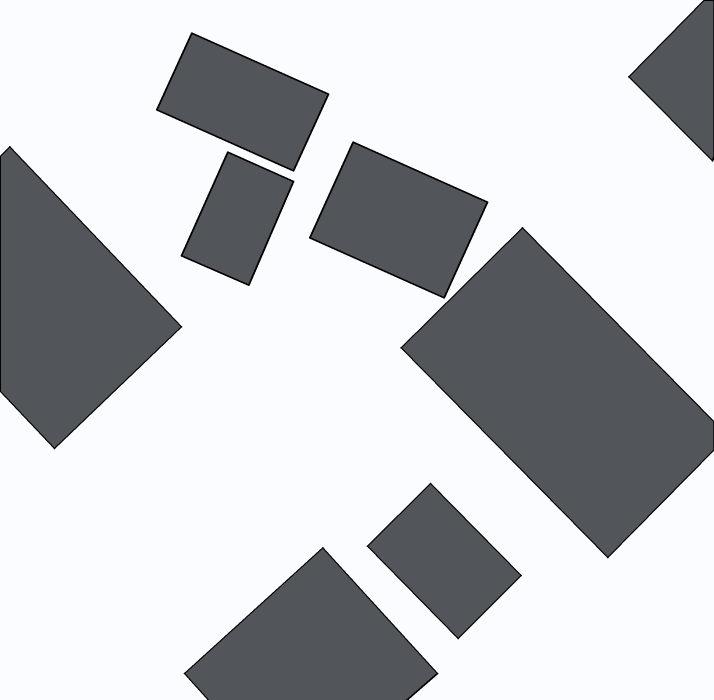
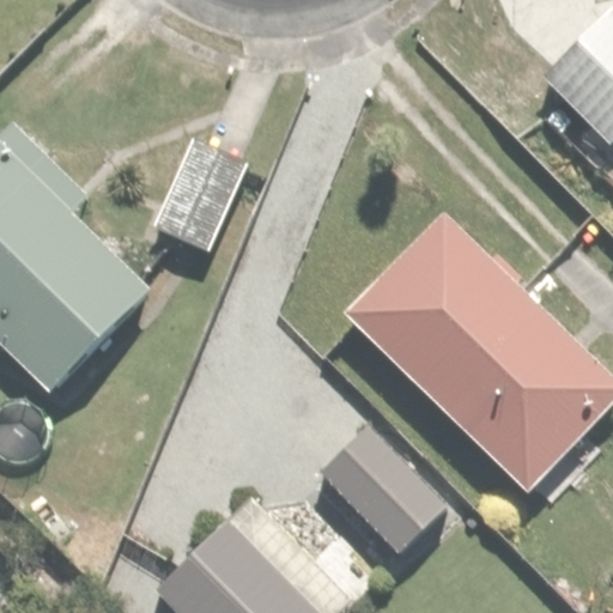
building: [157,33,329,171] -> none
building: [310,142,488,298] -> none

